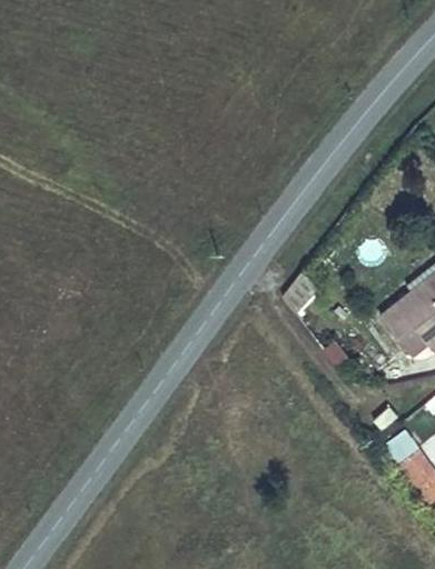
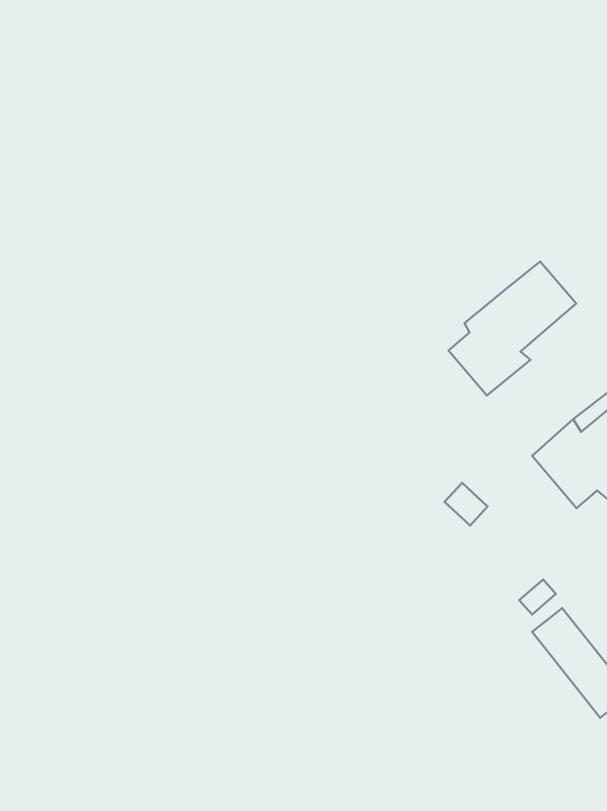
building: none -> [449,261,576,396]

